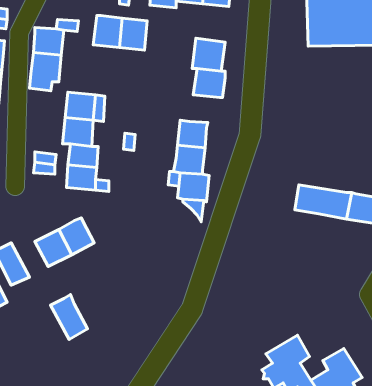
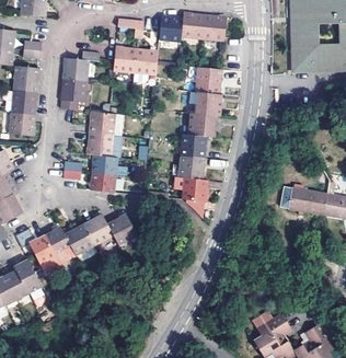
building: none -> [193,112,218,136]
building: none -> [107,212,138,243]
building: [51,294,88,339] -> [45,226,76,263]

